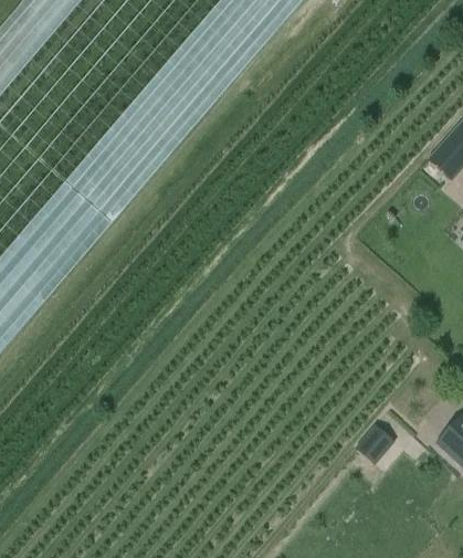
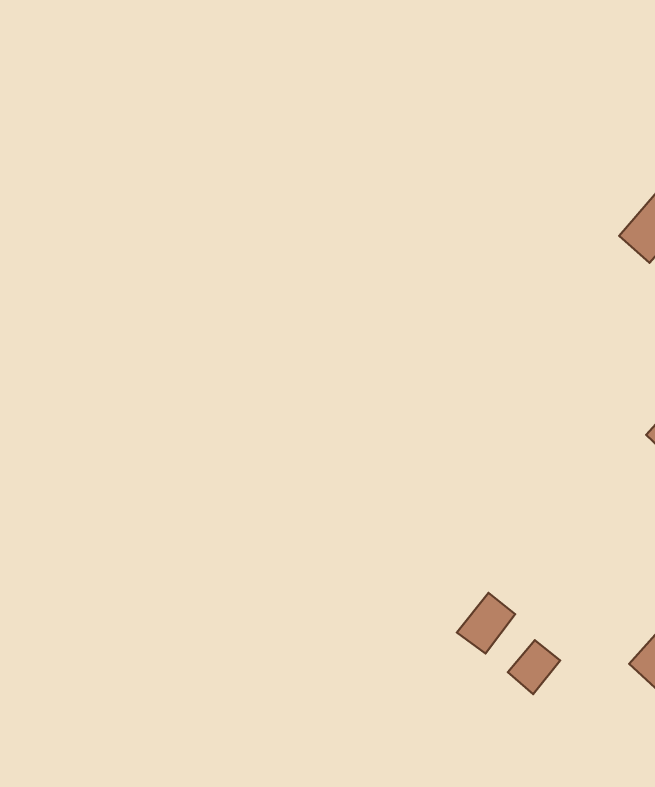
building: none -> [457,593,515,653]

